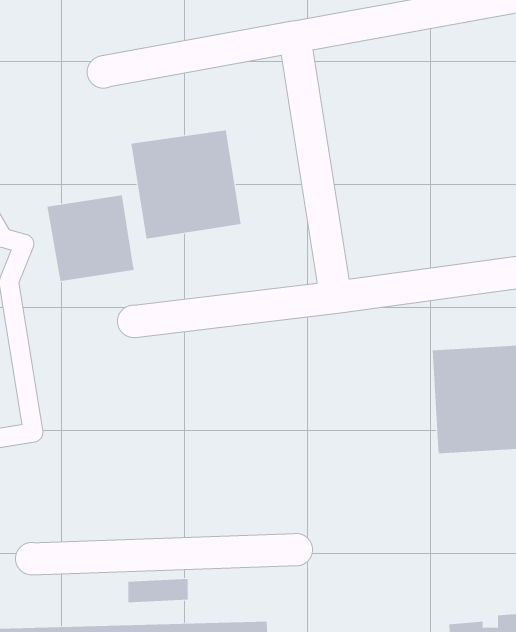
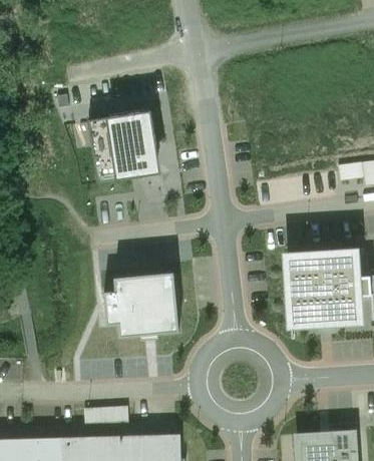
building: [47,194,134,282] -> none
building: none -> [103,273,178,338]

